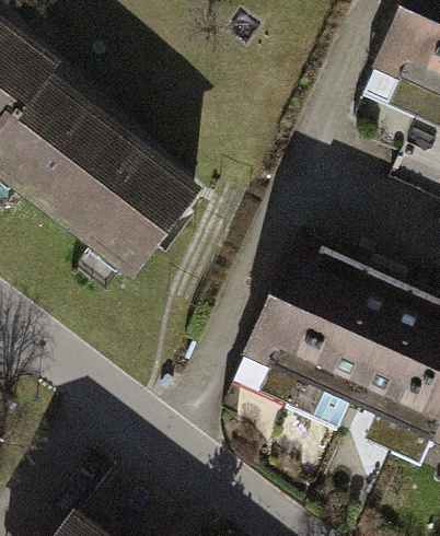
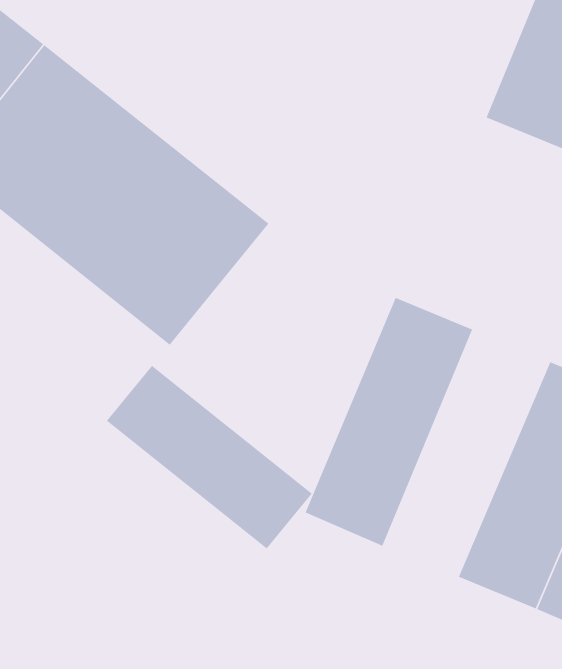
building: [286,258,405,435] -> none
building: none -> [106,365,313,550]

